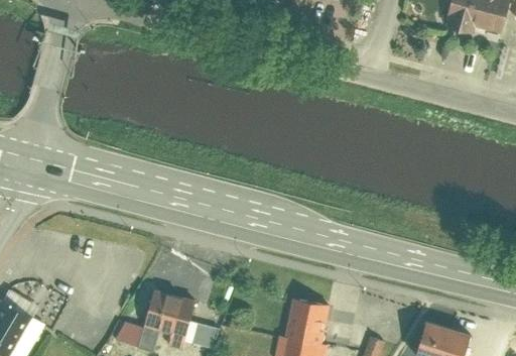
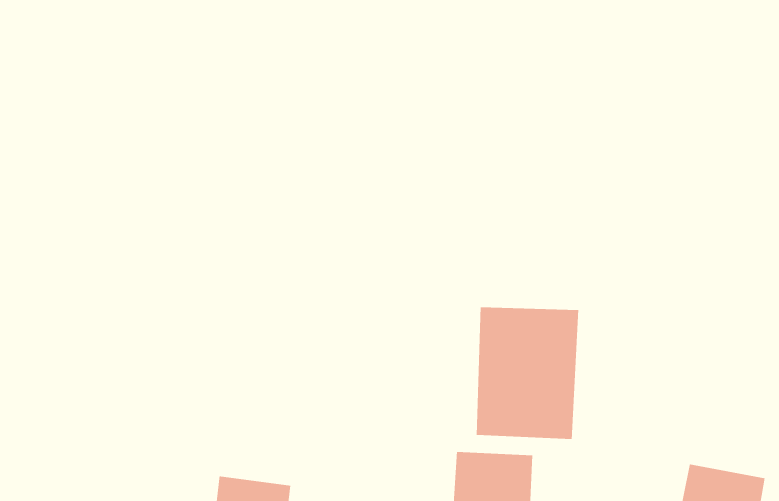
building: none -> [476,307,579,440]

